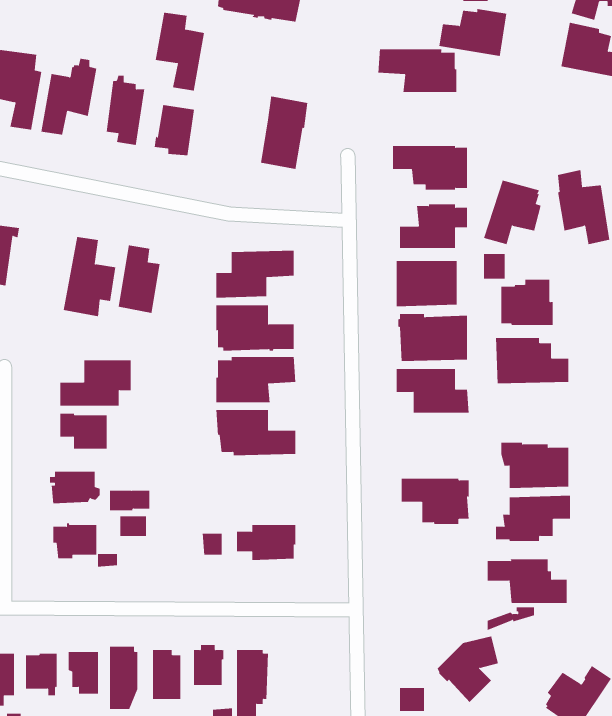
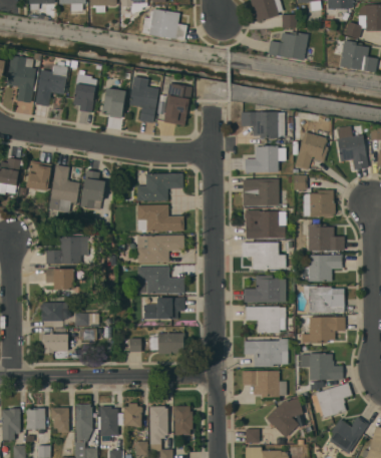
building: [155,12,205,91] -> [129,77,158,123]
building: [378,49,457,93] -> none
building: none -> [26,161,51,191]
building: none -> [307,255,342,282]
building: none -> [244,276,286,303]
building: none -> [143,298,184,319]
building: none -> [244,339,288,367]
building: none -> [242,371,287,398]
building: none -> [311,383,352,418]
building: none -> [174,406,193,436]

